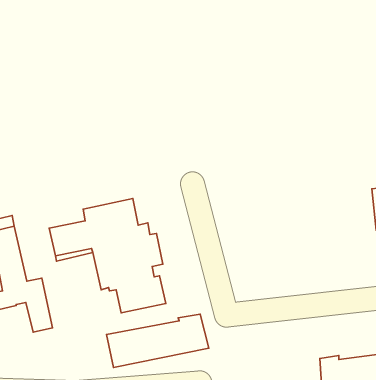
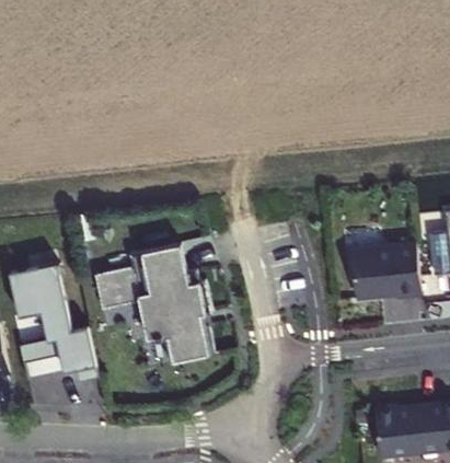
building: none -> [348,244,419,300]
building: [106,314,209,368] -> none

